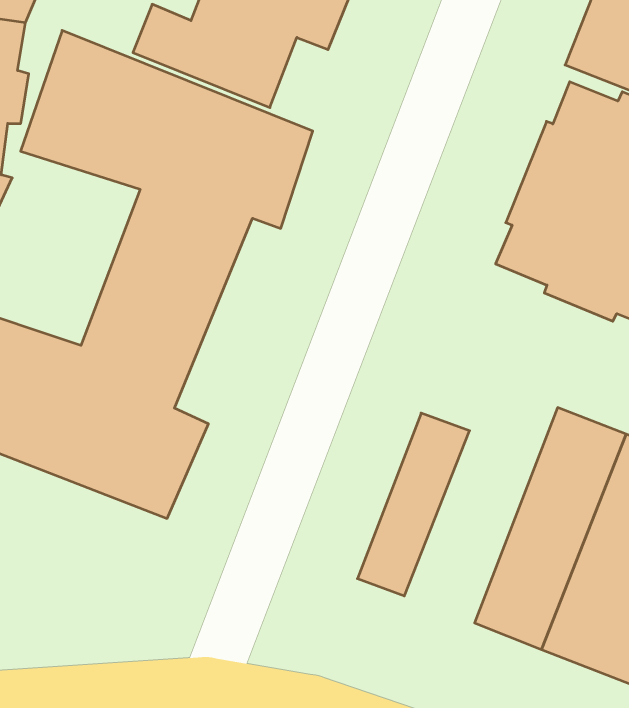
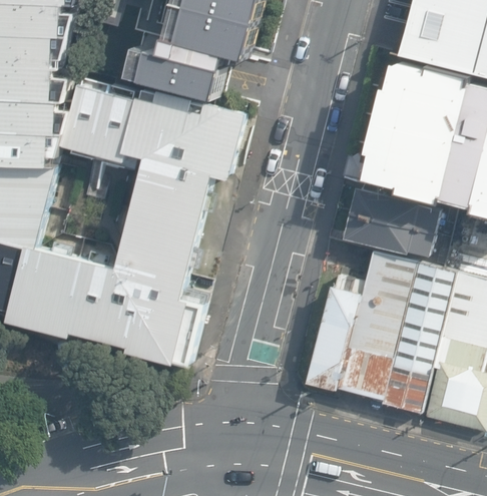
building: none -> [342,190,436,259]
building: none -> [335,253,414,402]

